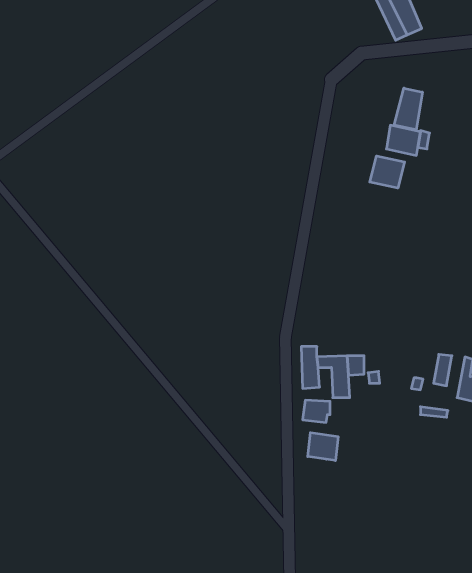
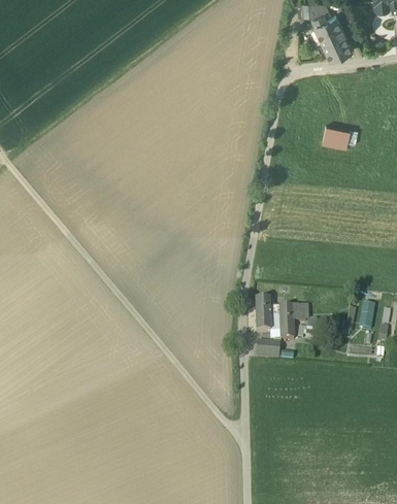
building: [394,88,422,130] -> none
building: [370,156,405,188] -> none
building: [308,433,338,461] -> none

